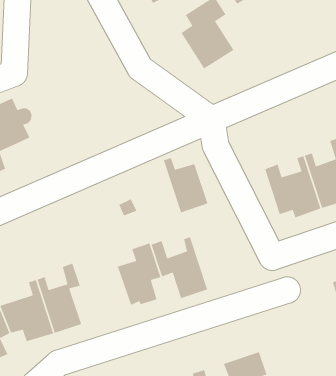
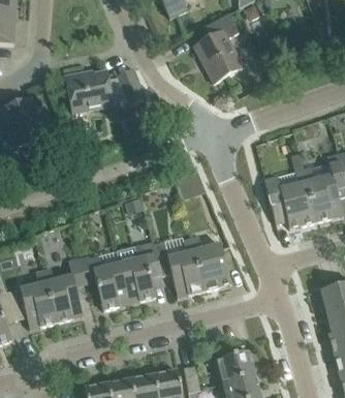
building: none -> [66,69,145,112]
building: [163,157,208,213] -> [191,237,231,290]
building: none -> [79,254,130,310]

